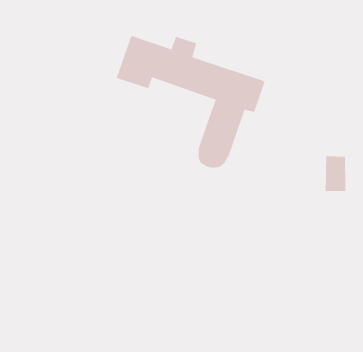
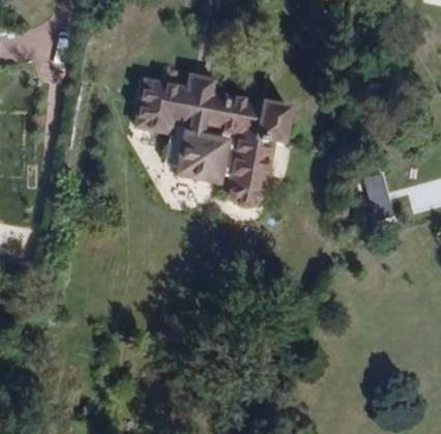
building: none -> [168,132,216,179]

